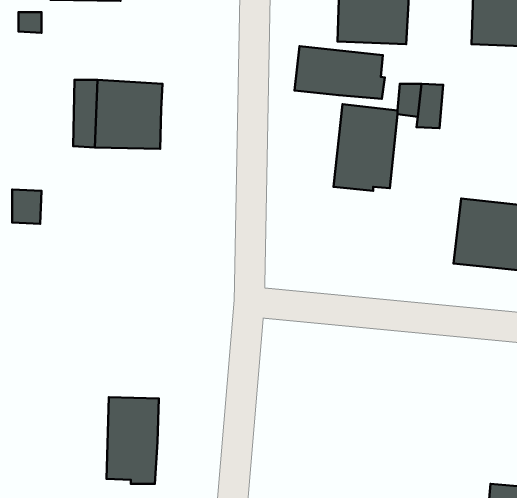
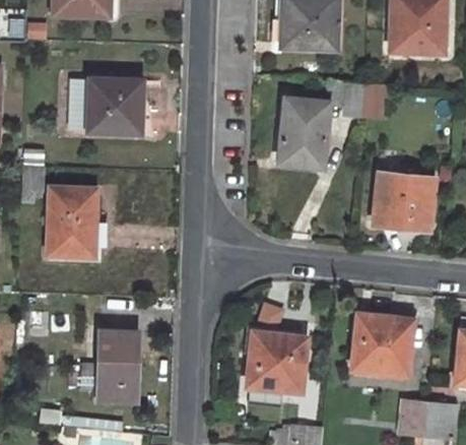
building: [295,46,385,99] -> none
building: none -> [48,187,96,256]
building: none -> [352,313,413,374]
building: none -> [248,330,307,390]

